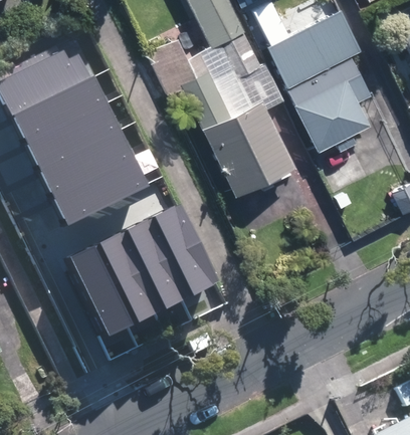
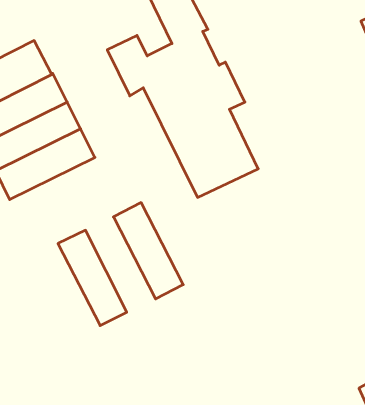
building: [270,14,370,152] -> none
building: [52,158,149,225] -> none
building: [127,216,195,309] -> none
building: [71,242,141,338] -> none

